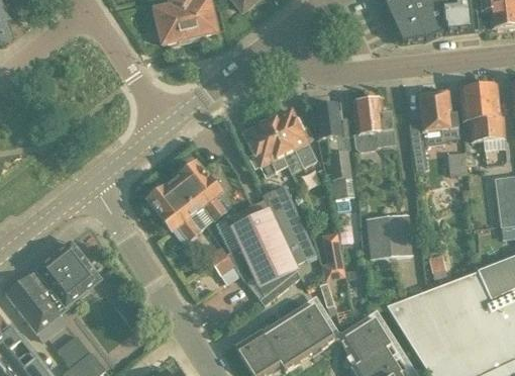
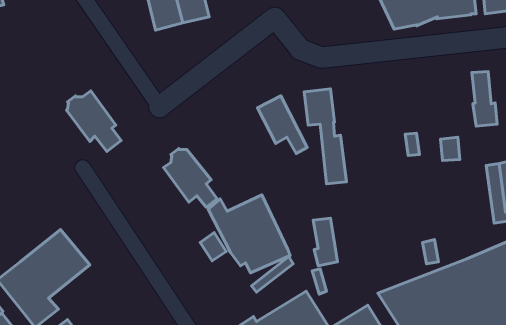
building: [459,86,484,142] -> none
building: [419,92,457,137] -> none
building: [353,98,393,147] -> none
building: [242,121,289,177] -> none
building: [147,181,202,242] -> [66,91,121,151]
building: [264,183,316,263] -> none
building: [368,213,412,258] -> none

